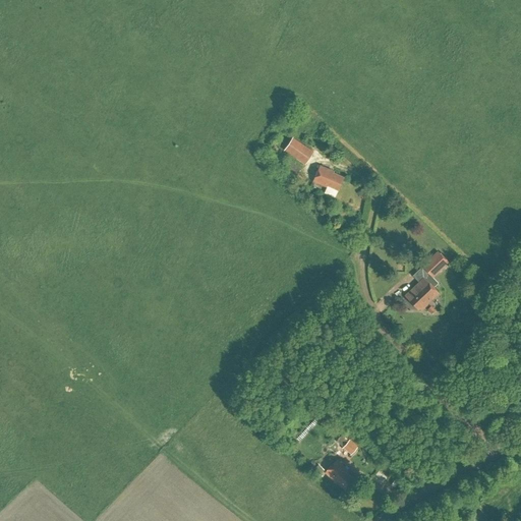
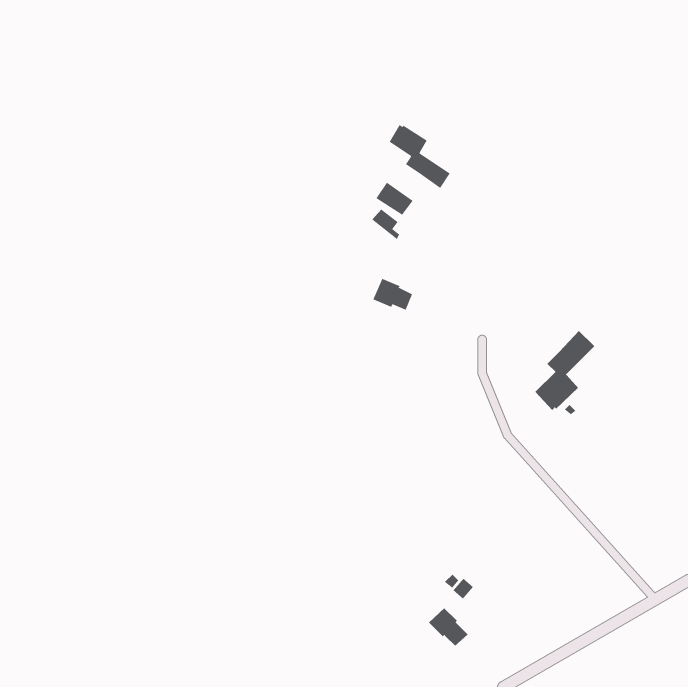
building: none -> [389,124,450,189]
building: [311,165,342,189] -> [373,278,413,310]

